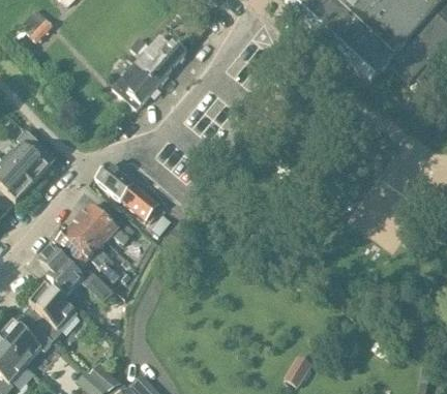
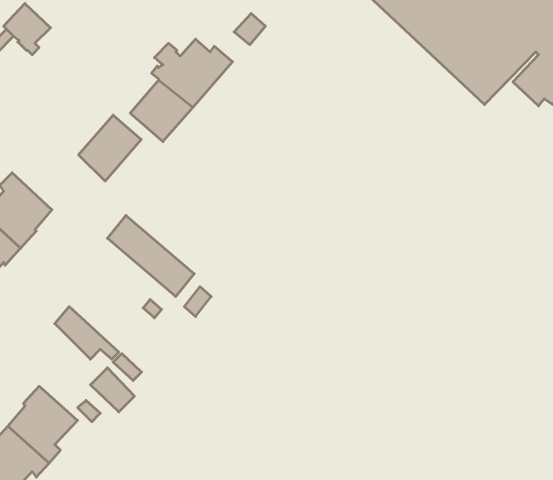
building: none -> [79,115,141,181]
building: [68,202,127,260] -> none
building: [39,239,85,292] -> none

